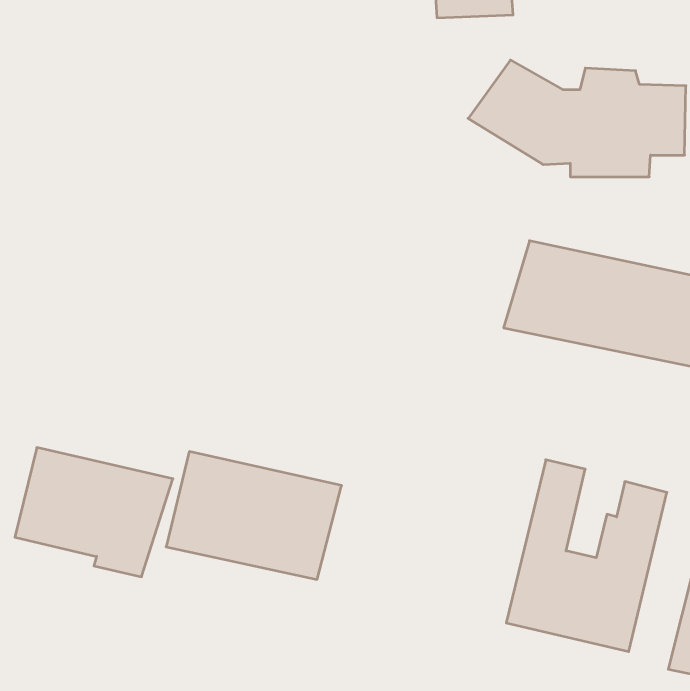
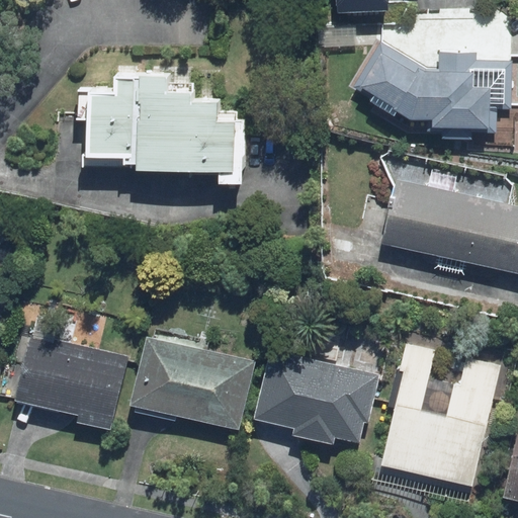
building: none -> [82,79,230,171]
building: none -> [254,347,381,444]

